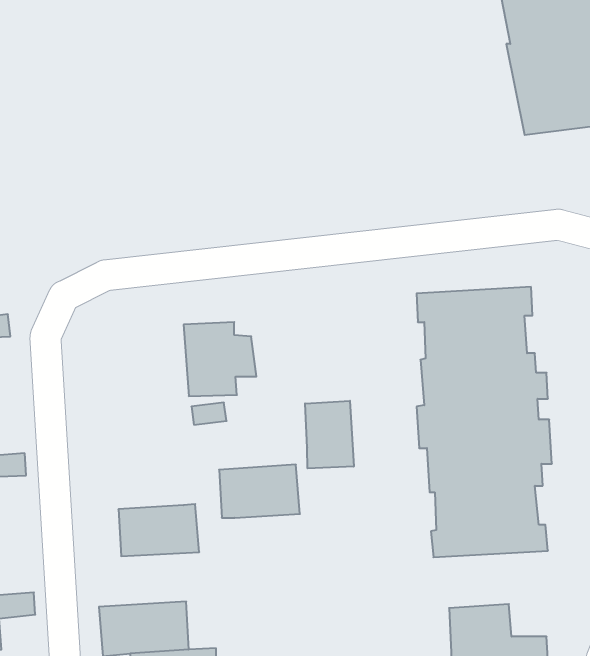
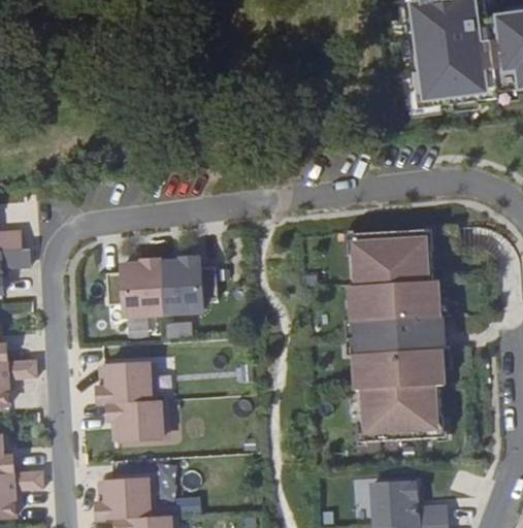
building: none -> [105,258,163,316]
building: [305,401,354,468] -> none
building: [219,465,300,518] -> [95,362,159,404]

